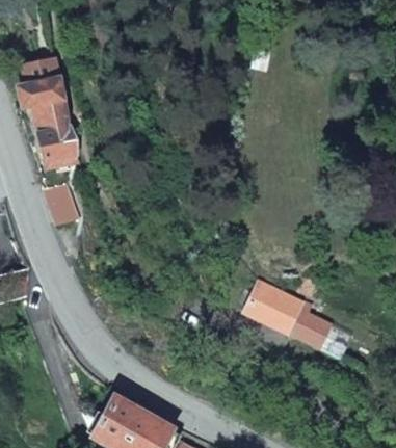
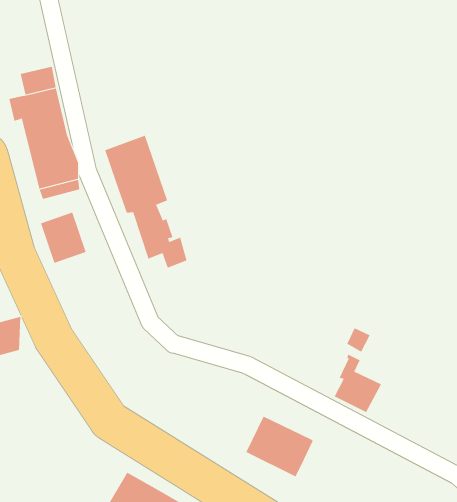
building: none -> [105,135,187,268]
building: [243,282,299,333] -> [246,416,313,477]

